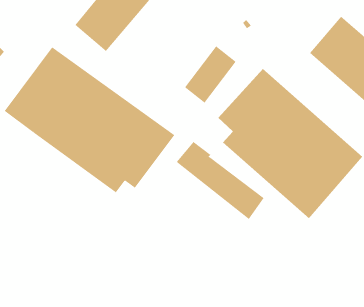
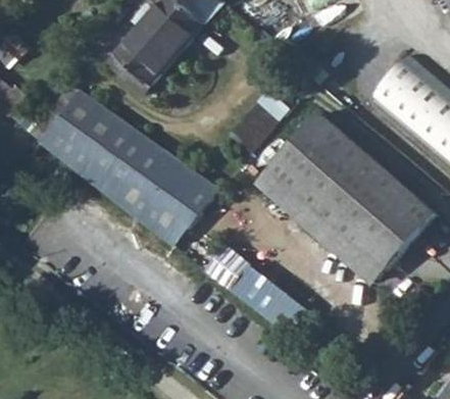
building: [176,141,265,220] -> [206,244,306,333]

